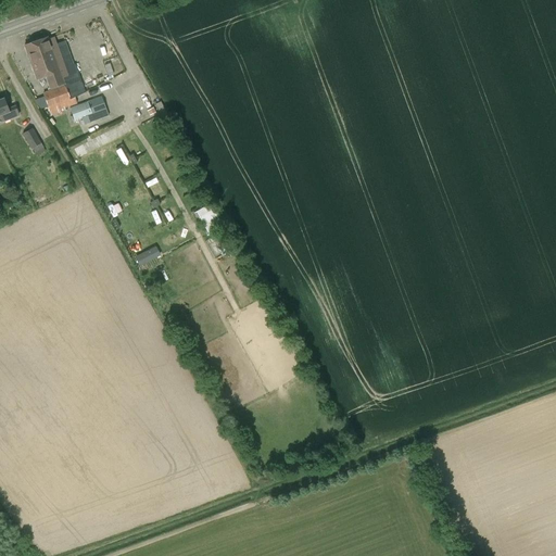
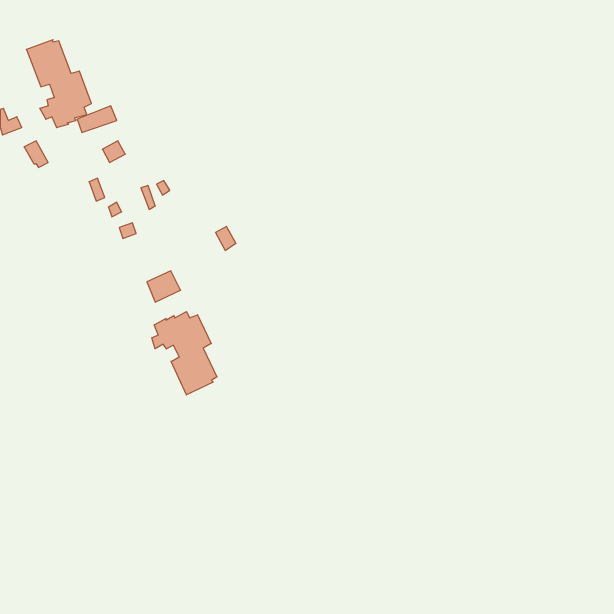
building: none -> [152,312,217,395]

